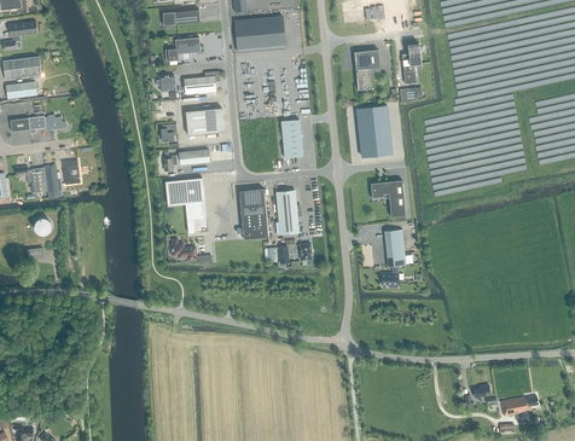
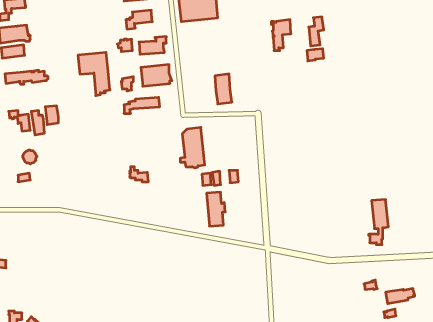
building: [355,104,391,156] -> none
building: [164,176,205,232] -> [78,52,110,96]
building: [370,179,405,216] -> none
building: [275,190,300,233] -> [207,192,225,226]
building: [379,228,405,286] -> [369,200,388,245]

